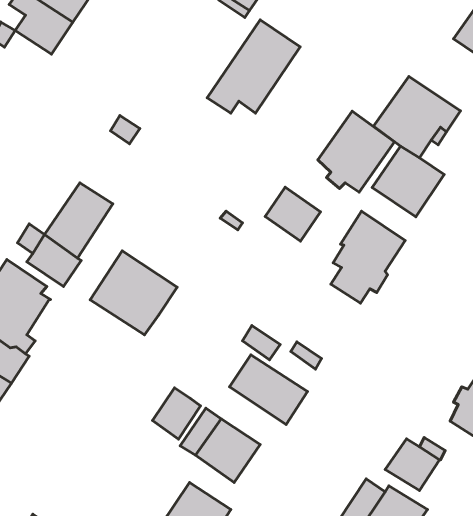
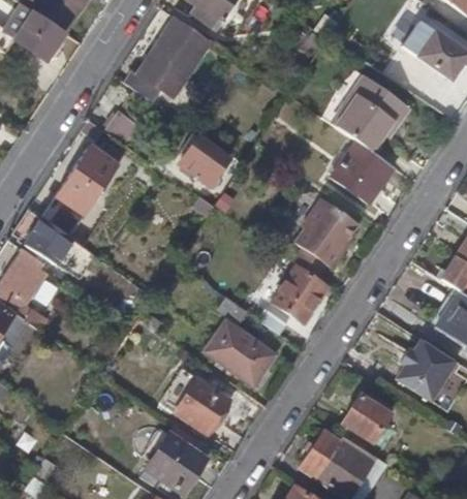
building: [207,20,300,113] -> [131,18,213,99]
building: [318,111,395,192] -> none
building: none -> [73,144,120,190]
building: [265,187,321,241] -> [180,137,228,185]
building: [90,251,177,335] -> none
building: none -> [274,268,328,322]
building: [152,388,200,439] -> none

